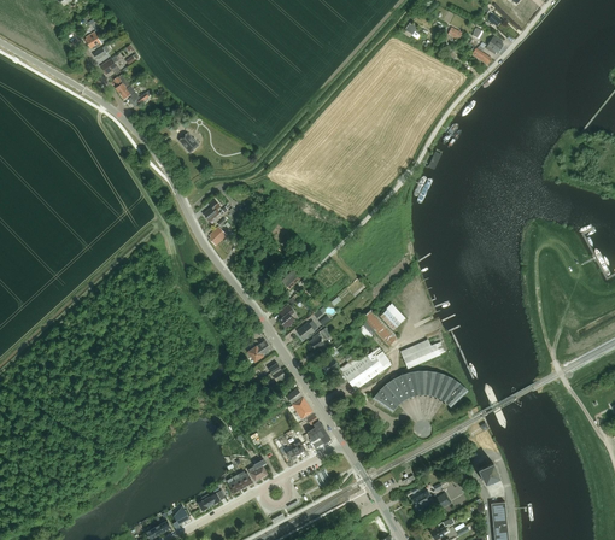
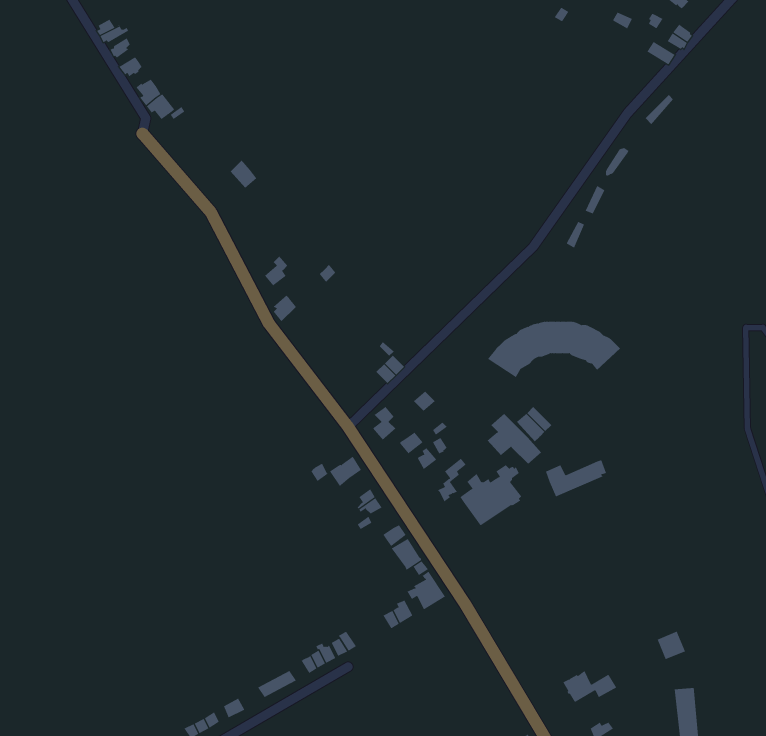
building: [373,371,467,411] -> [487,321,621,378]

